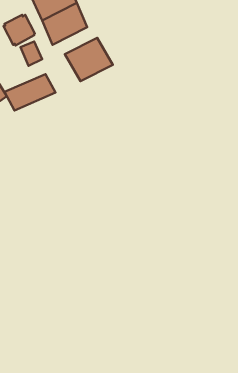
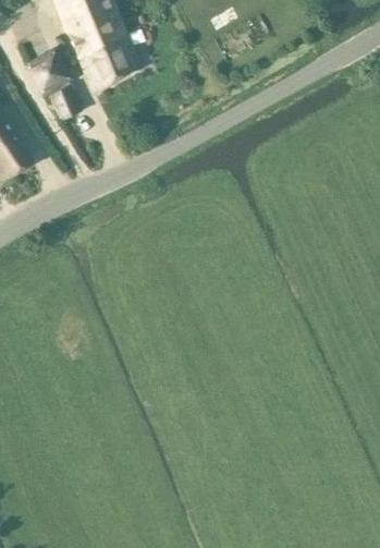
building: [65,38,113,81] -> none
building: [4,74,56,110] -> none

